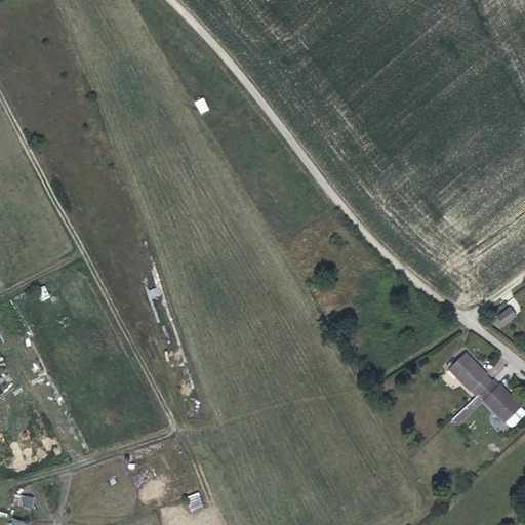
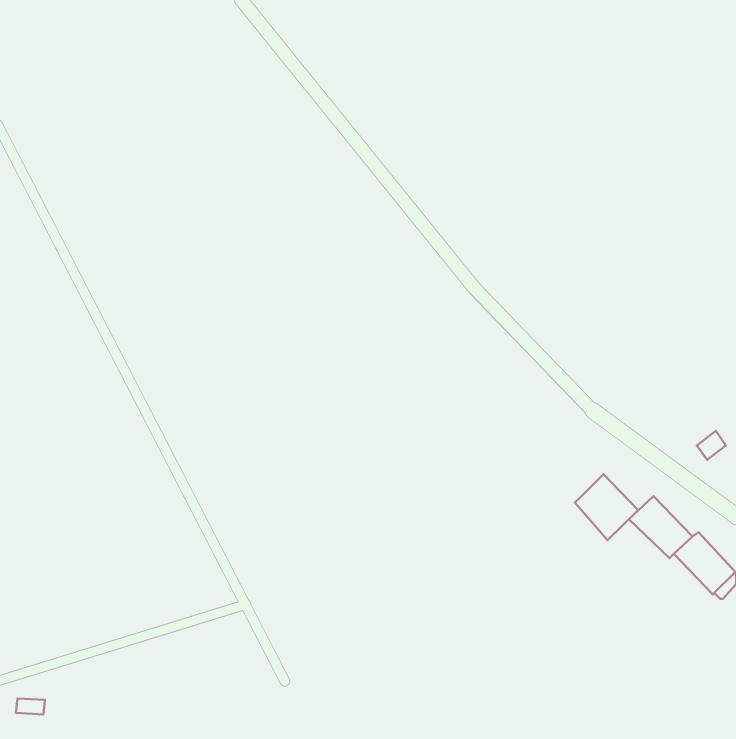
building: none -> [575,474,638,540]

